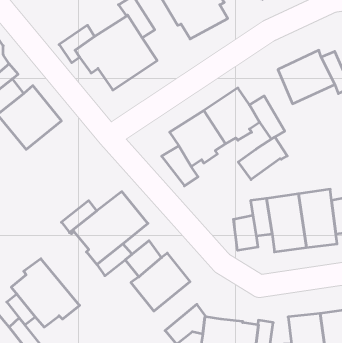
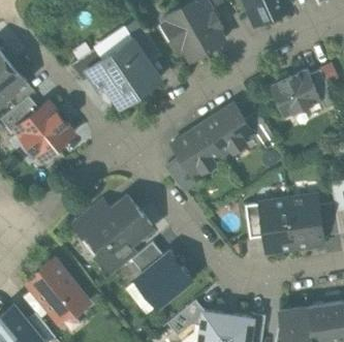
building: [238,137,287,180] -> none
building: [233,215,258,250] -> none

